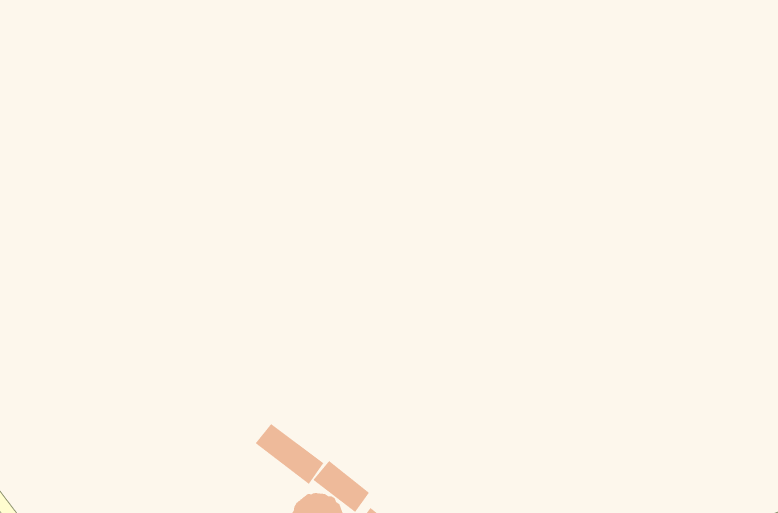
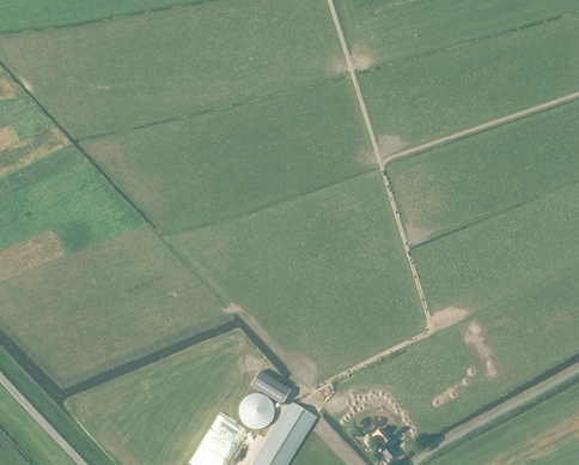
building: [255,423,324,485] -> none

